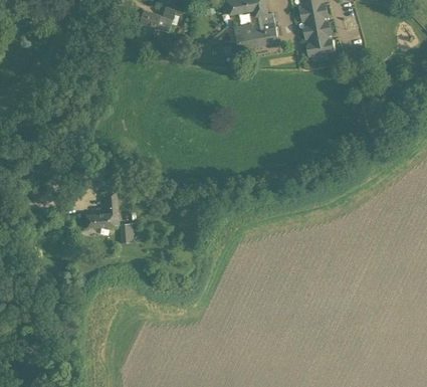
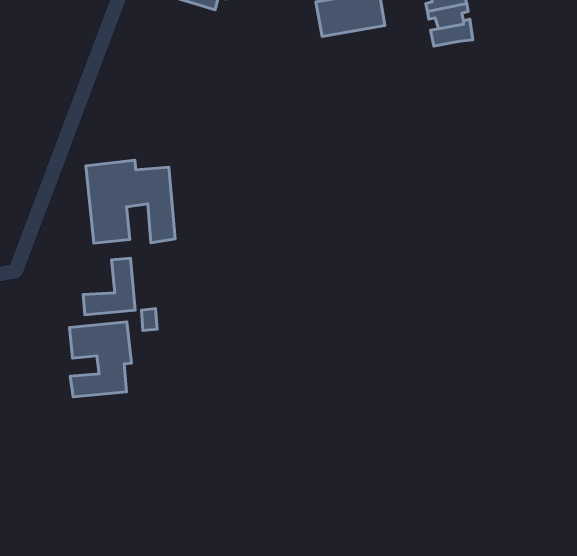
building: none -> [86,160,175,243]
building: none -> [69,322,131,397]

